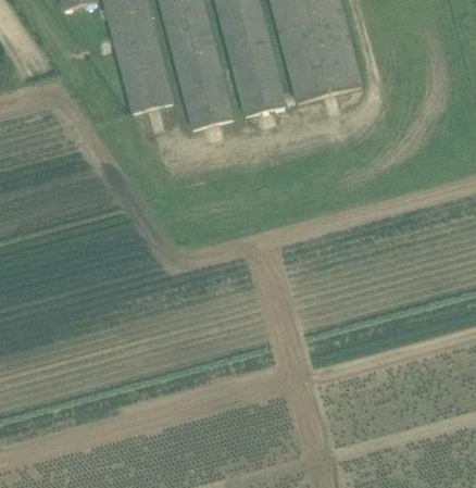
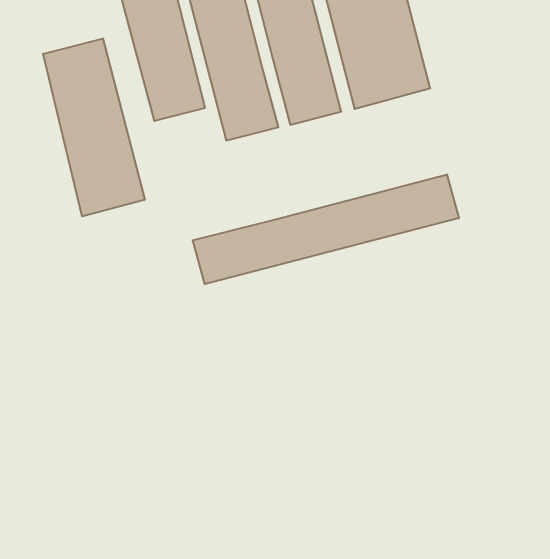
building: none -> [43,38,145,216]
building: none -> [193,174,459,284]

